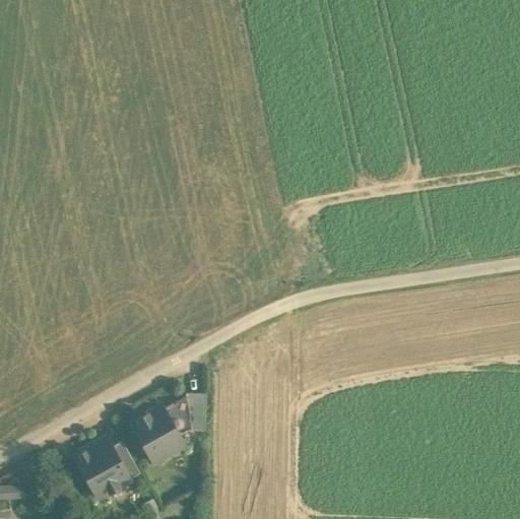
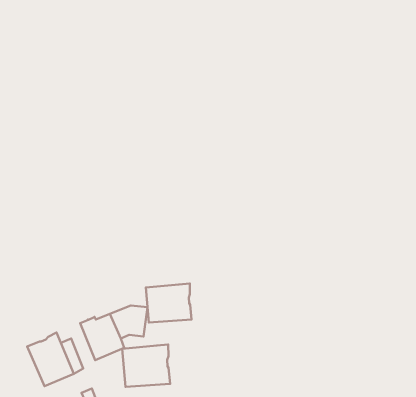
building: none -> [146,283,192,323]
building: none -> [122,345,170,387]

